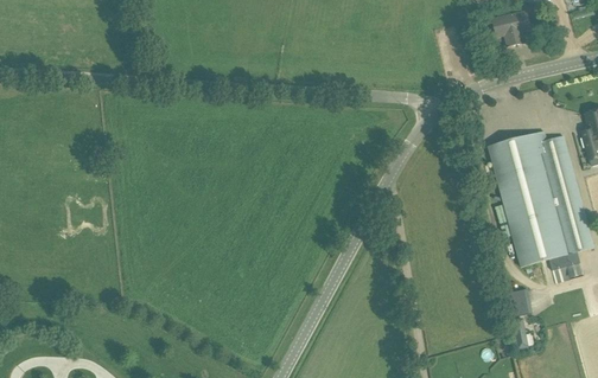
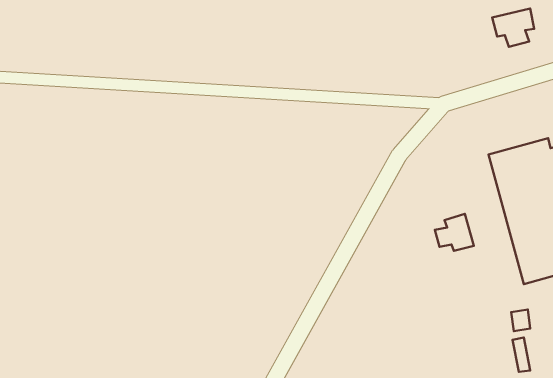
building: none -> [435,214,474,251]

